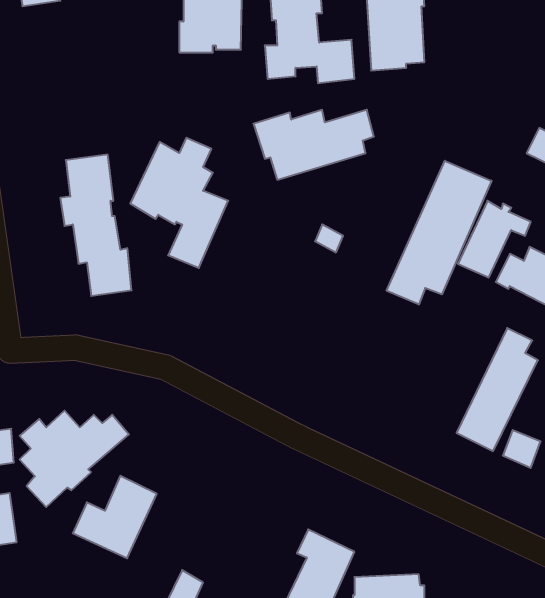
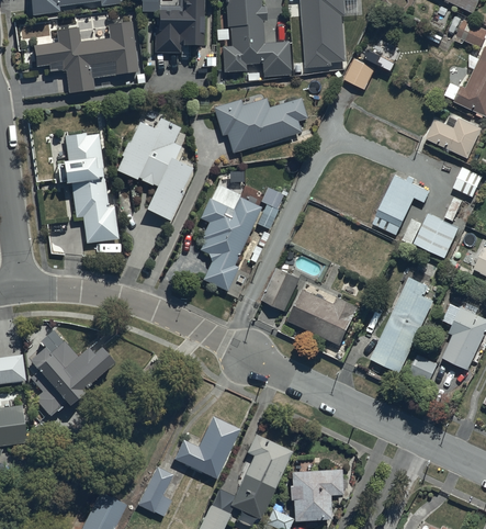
building: none -> [34,25,138,98]
building: none -> [344,61,375,92]
building: [387,161,492,305] -> none
building: none -> [200,190,261,294]
building: none -> [262,265,302,308]
building: none -> [289,284,360,341]
building: [73,476,157,558] -> [174,412,240,476]

